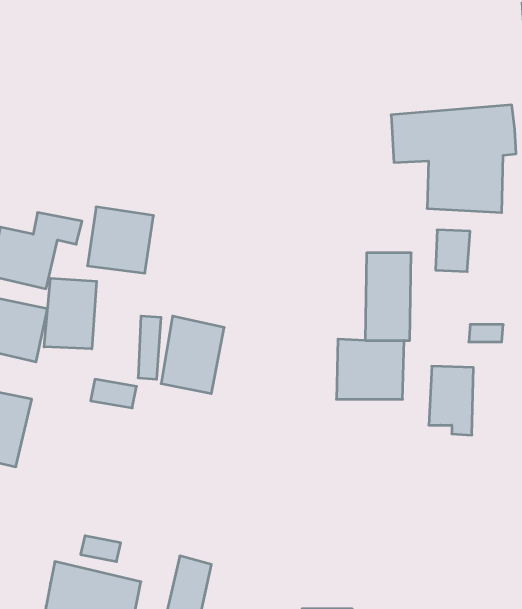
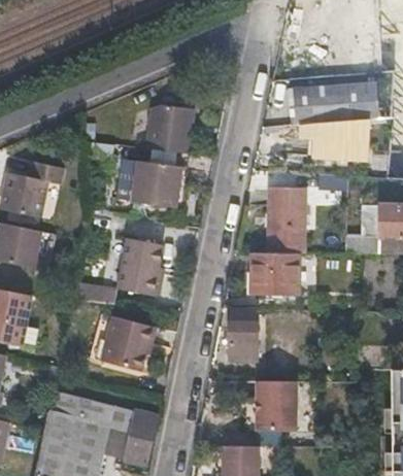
building: none -> [144,104,192,152]
building: [87,207,154,273] -> [133,159,180,206]
building: [44,278,97,349] -> none
building: [429,366,473,435] -> [226,309,258,359]
building: none -> [103,317,152,370]
building: none -> [257,380,296,431]

